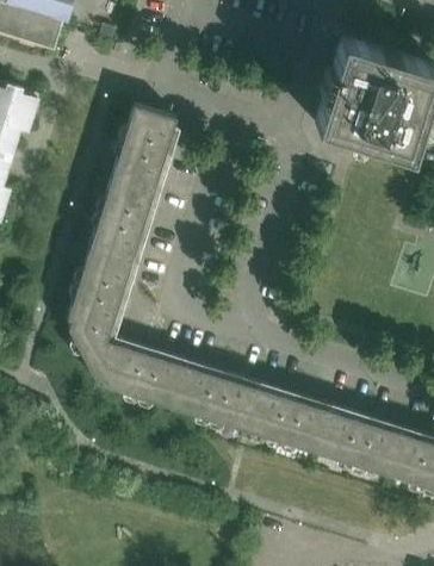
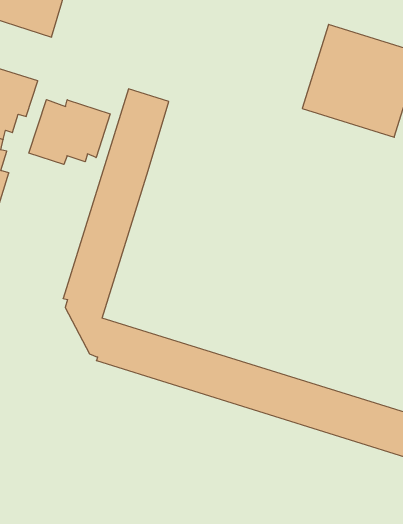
building: none -> [29,100,110,164]

